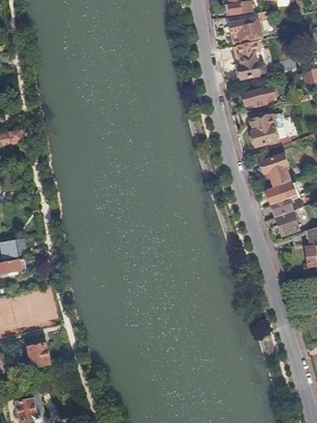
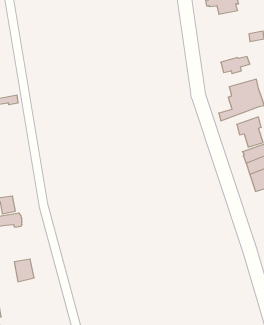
building: [237,53,264,79] -> none
building: [27,345,49,369] -> [14,259,34,282]

